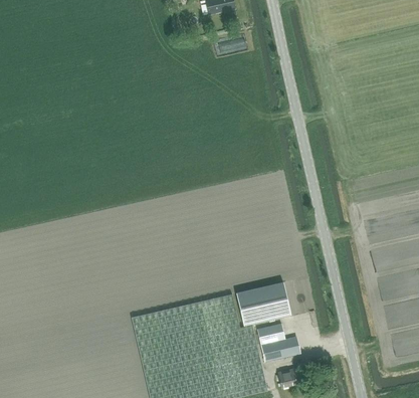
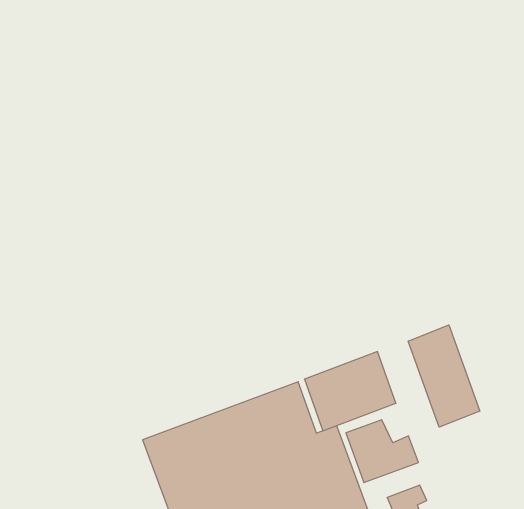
building: none -> [408,325,480,427]

